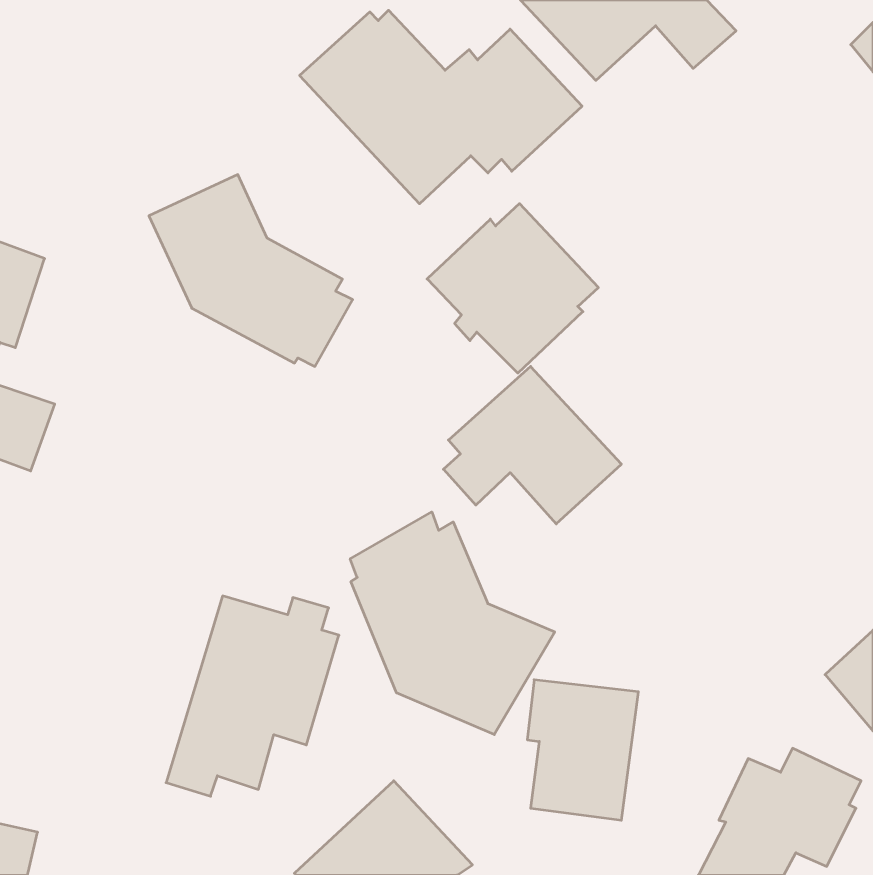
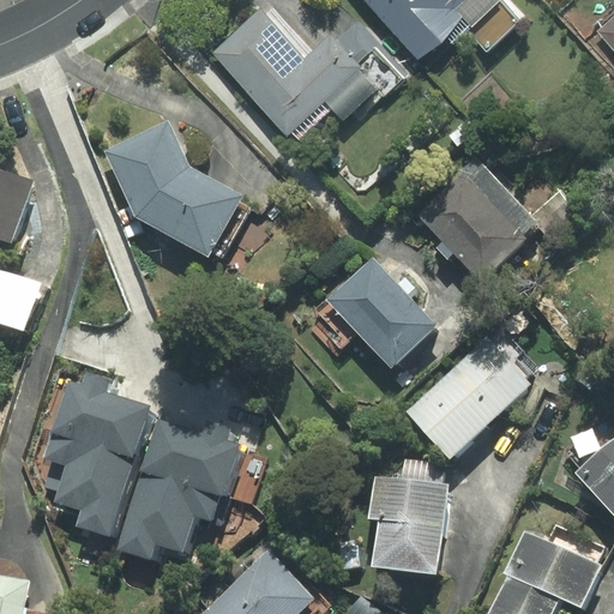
building: [427,204,598,373] -> [416,163,536,282]
building: none -> [407,338,528,457]
building: [350,512,555,735] -> none
building: none -> [42,373,149,536]

